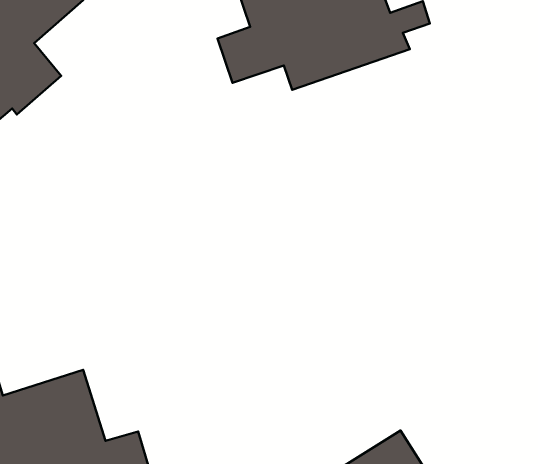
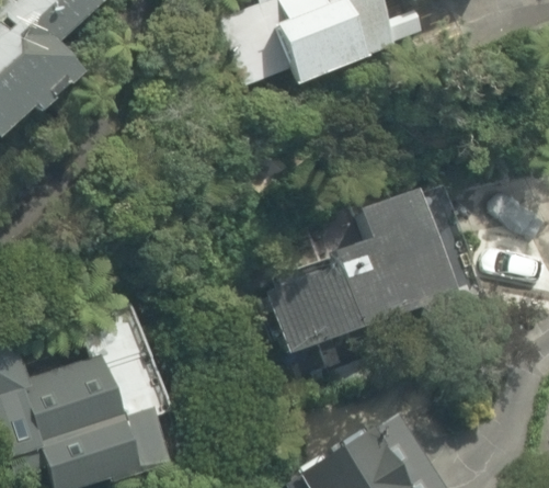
building: none -> [266,184,455,350]

